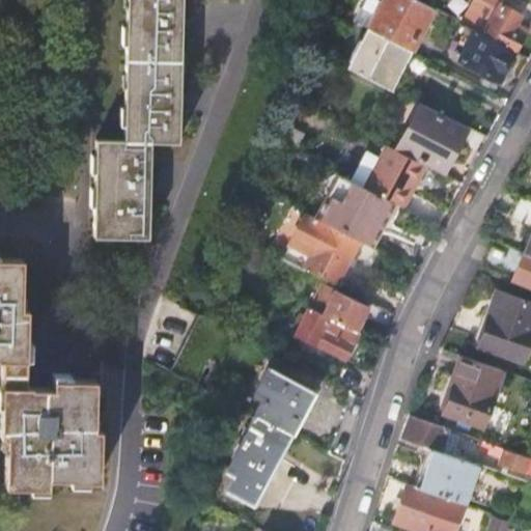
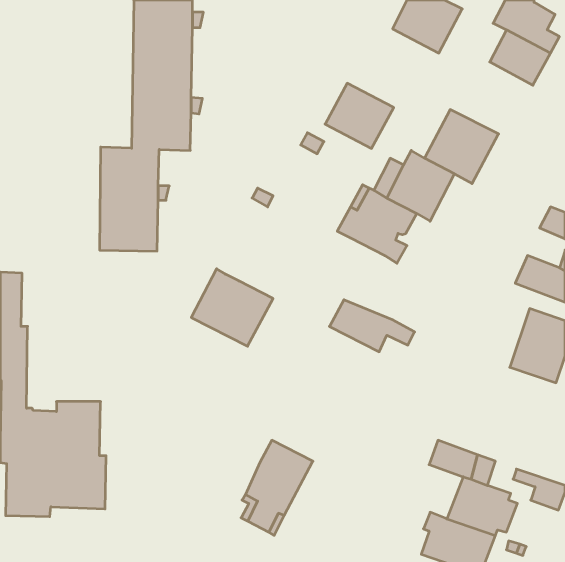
building: [347,30,412,91] -> [325,83,394,148]
building: [284,215,361,287] -> [191,269,273,346]
building: [296,309,360,363] -> none
building: [446,358,504,429] -> none
building: [254,369,315,436] -> none

